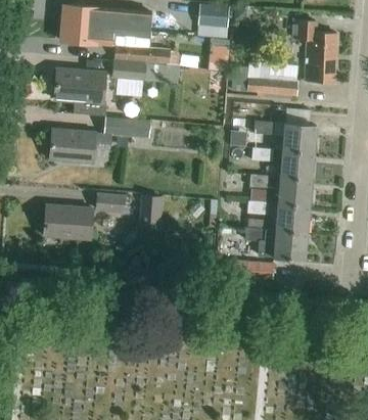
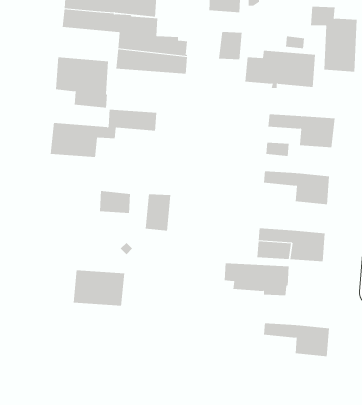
building: [281,151,314,180] -> none
building: [247,201,310,233] -> [263,323,330,357]
building: [44,205,93,239] -> [73,270,125,306]

